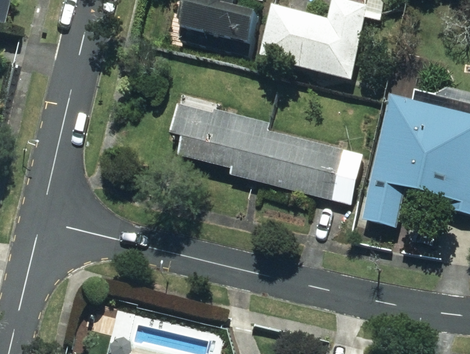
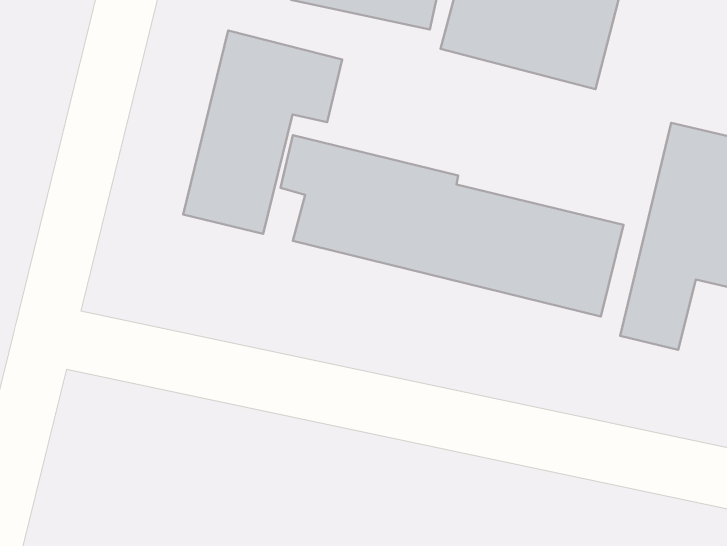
building: none -> [183,31,342,234]

